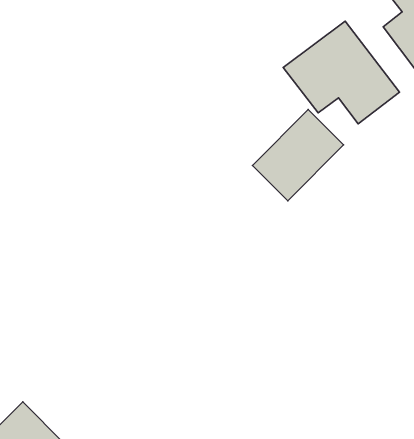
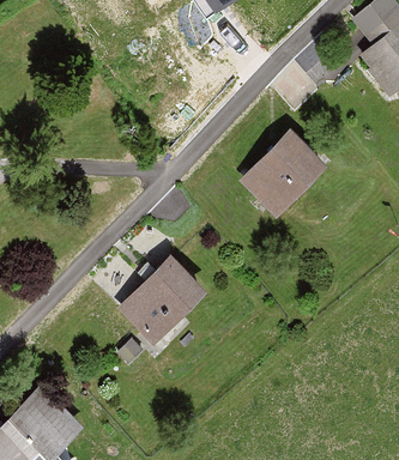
building: [283,21,399,124] -> none
building: none -> [119,259,201,341]

